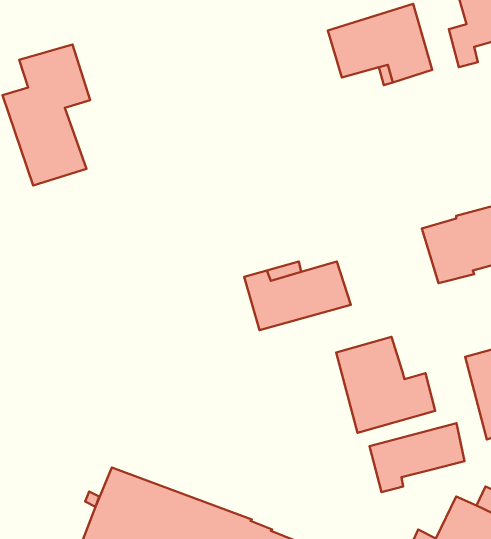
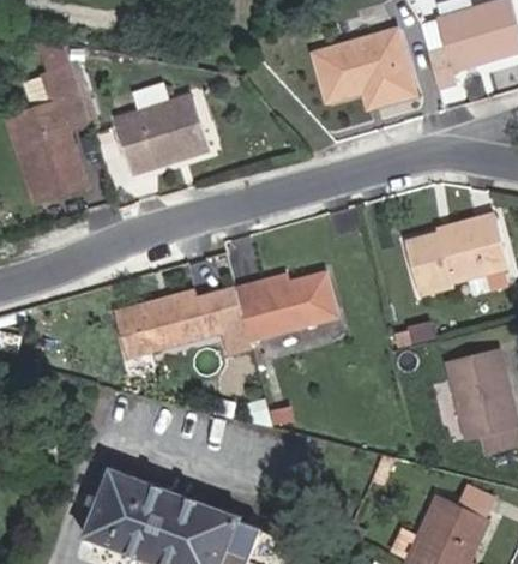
building: none -> [114,97,207,173]
building: none -> [115,293,221,360]
building: [336,337,435,433] -> none
building: [369,423,465,492] -> none

